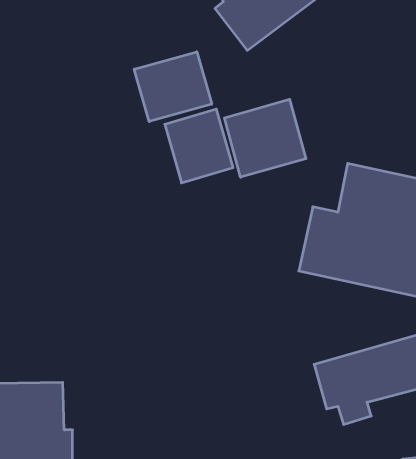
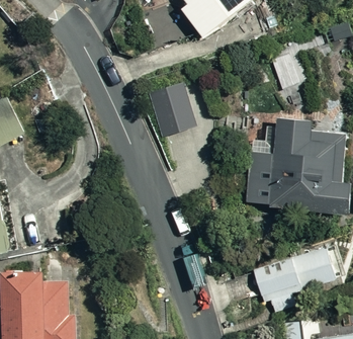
building: [134,52,212,122] -> none
building: [224,99,306,177] -> none

